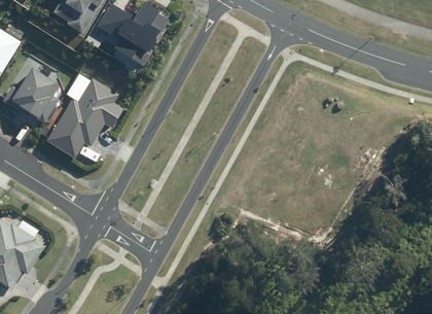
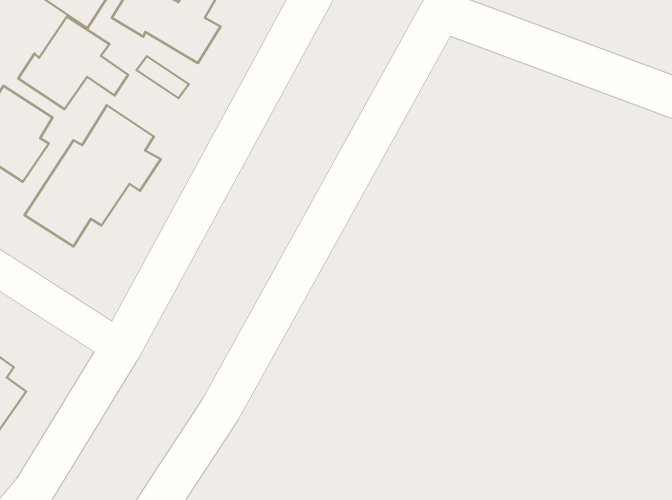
building: none -> [18,16,128,109]

